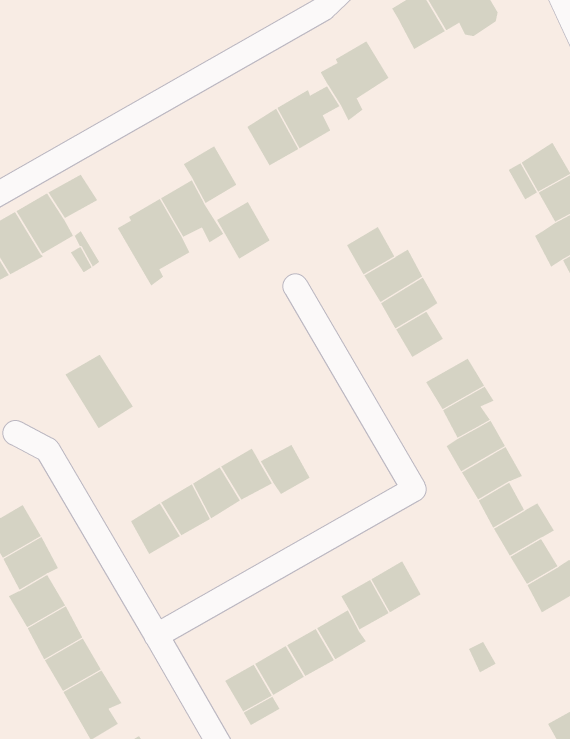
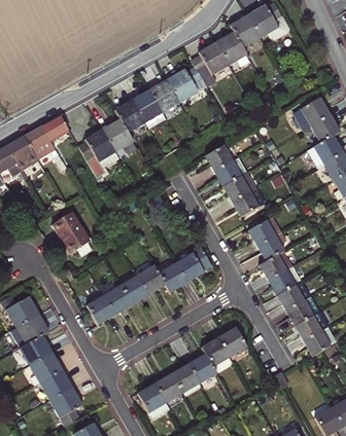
building: none -> [216,32,246,63]
building: [216,201,271,259] -> [133,89,163,121]
building: none -> [175,246,211,282]

